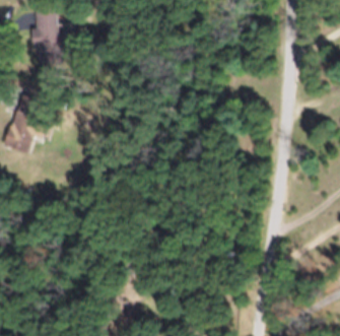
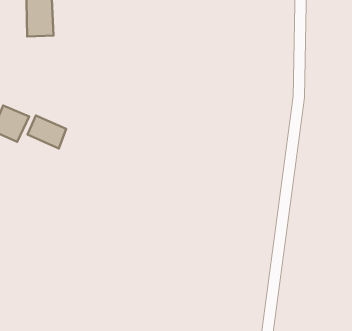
building: none -> [28,116,66,149]

